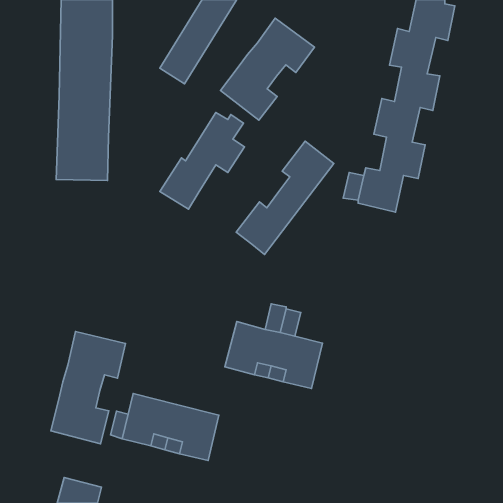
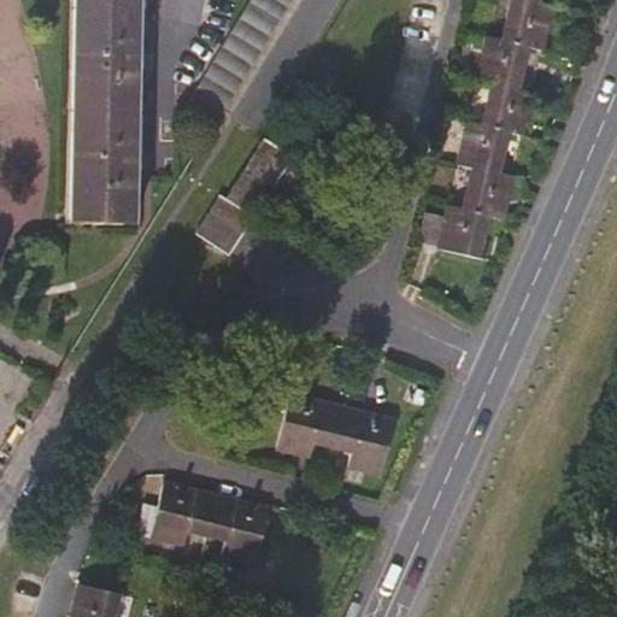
building: [221,18,314,120] -> none
building: [236,141,334,254] -> none
building: [51,332,125,444] -> none

